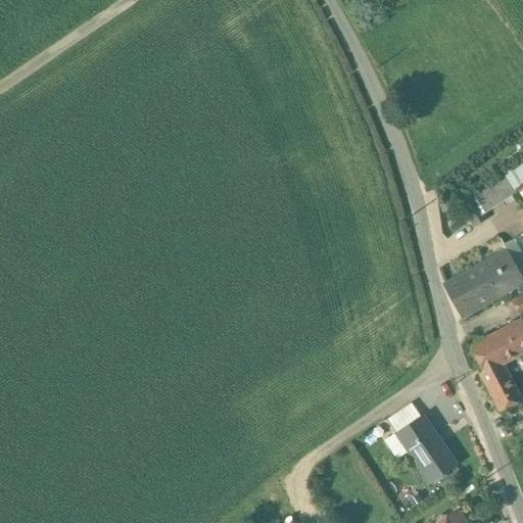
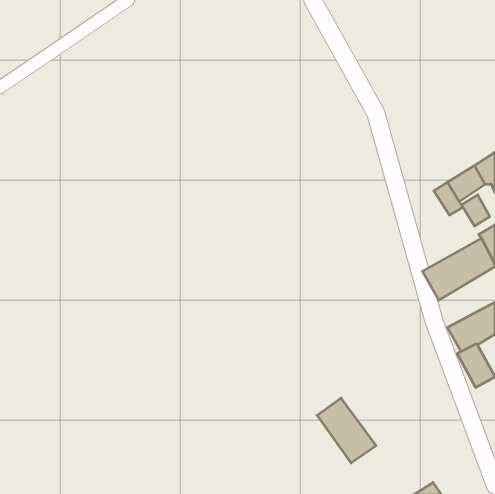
building: none -> [462,195,490,226]
building: [396,414,459,482] -> [317,398,376,463]

